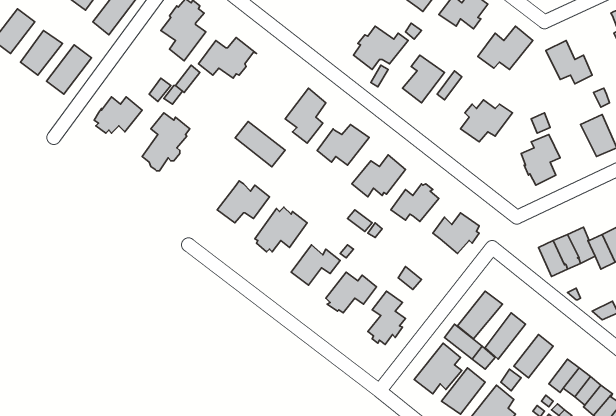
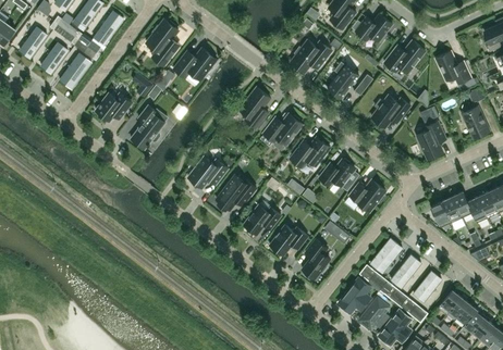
building: [235,121,285,167] -> none

